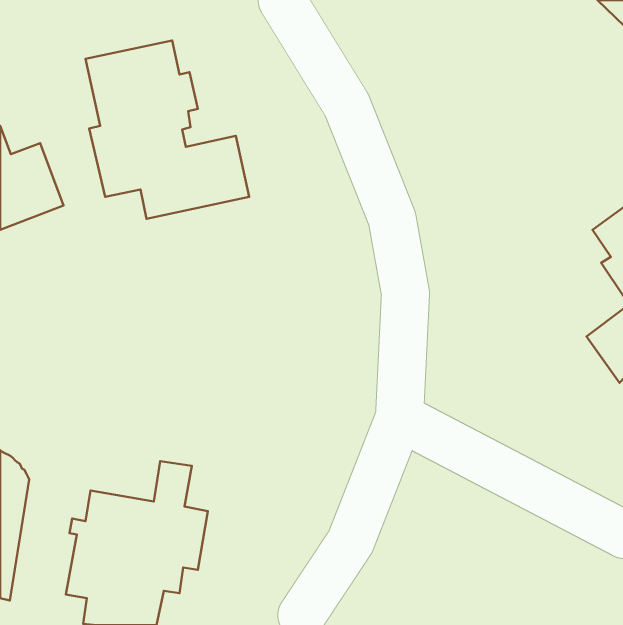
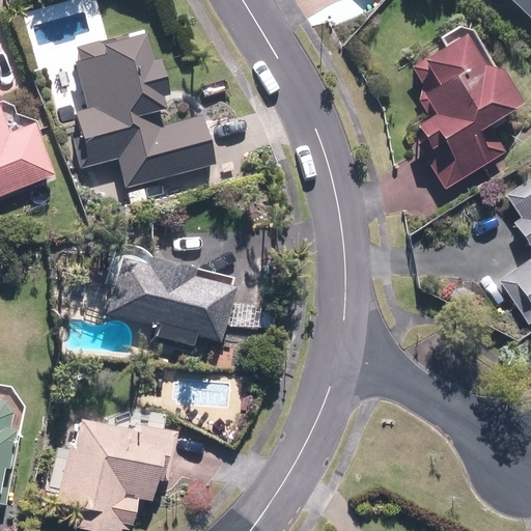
building: none -> [411,33,523,189]
building: none -> [103,244,233,350]

